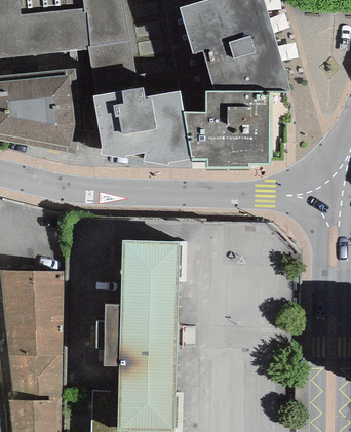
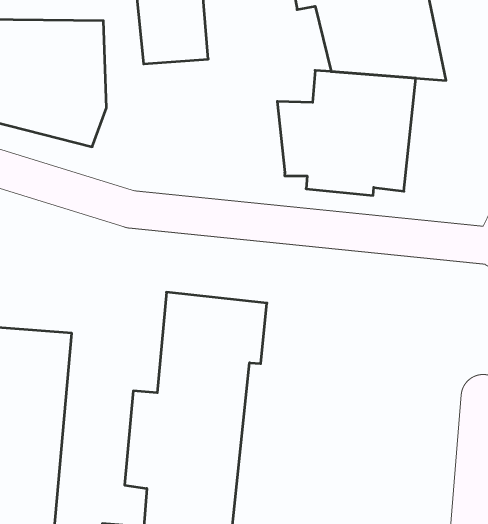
building: [92,88,191,165] -> none

